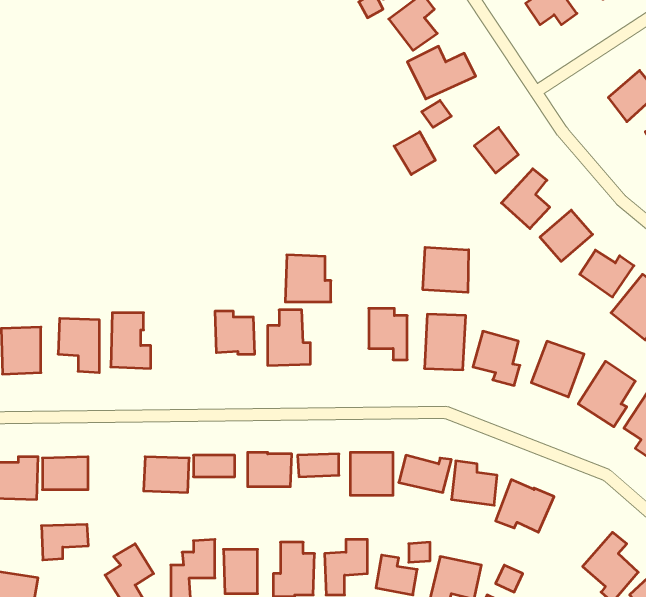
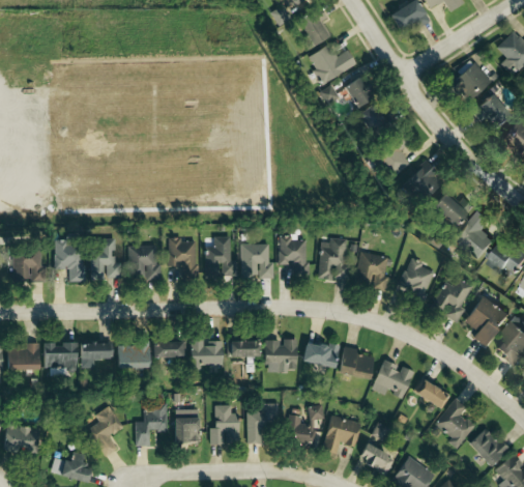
building: [394,132,435,175] -> [344,76,374,107]
building: [423,247,469,292] -> none
building: [285,255,331,302] -> [241,244,274,278]
building: none -> [128,246,159,279]
building: none -> [414,380,448,409]
building: [41,524,88,560] -> [79,343,113,369]

